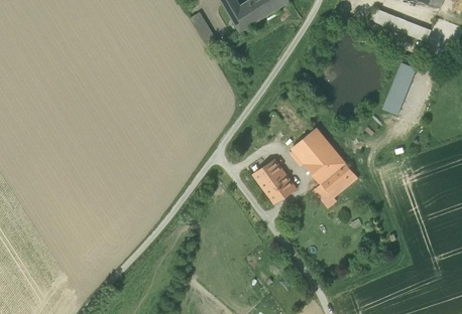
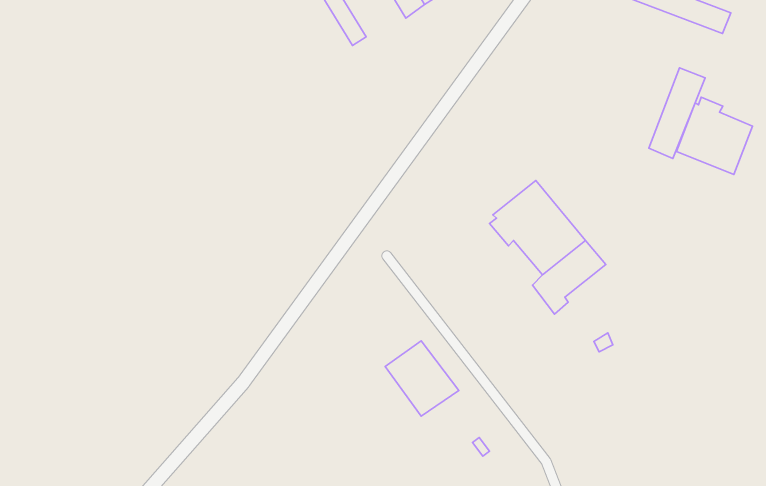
building: none -> [676,97,753,175]
building: [252,160,296,204] -> [385,341,459,416]

